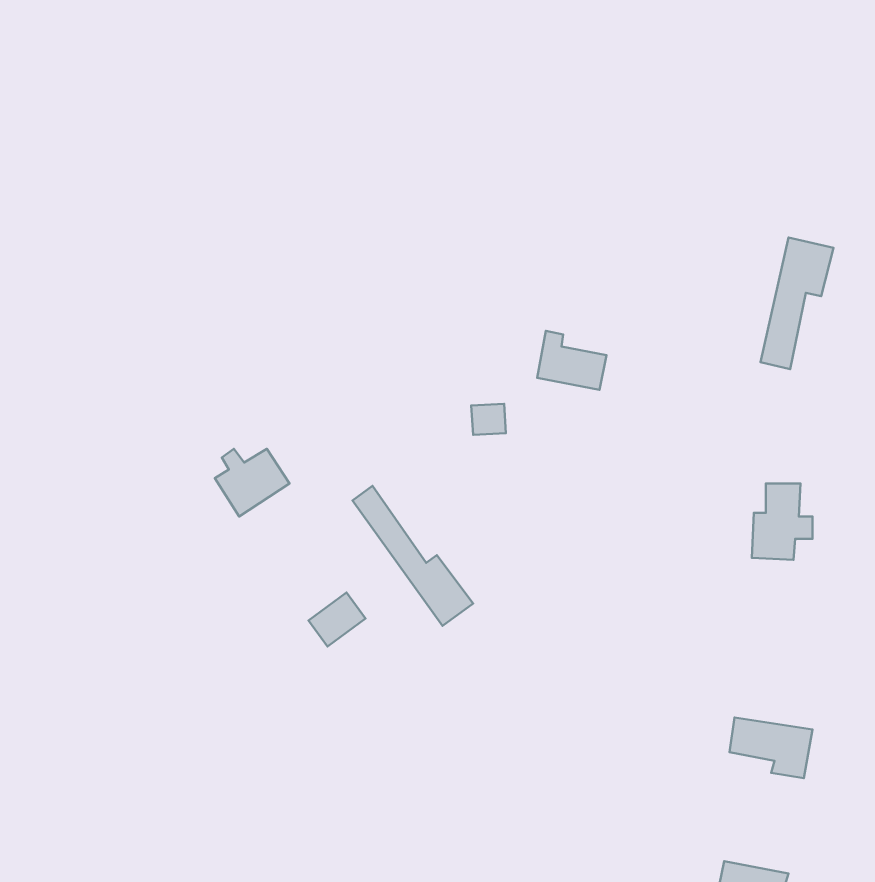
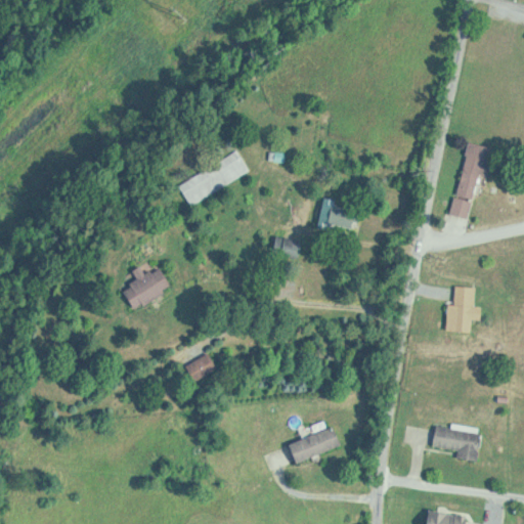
building: none -> [181,158,247,204]
building: [353,486,473,626] -> none
building: none -> [287,428,340,463]

